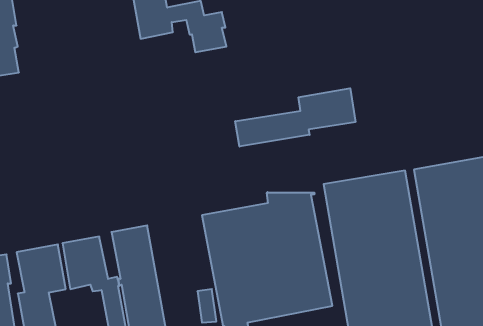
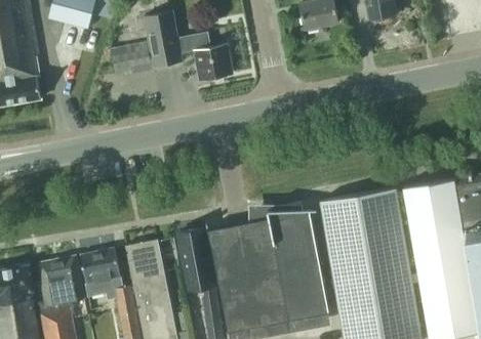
building: none -> [121,44,150,74]
building: [235,88,355,147] -> none
building: none -> [177,229,214,291]

